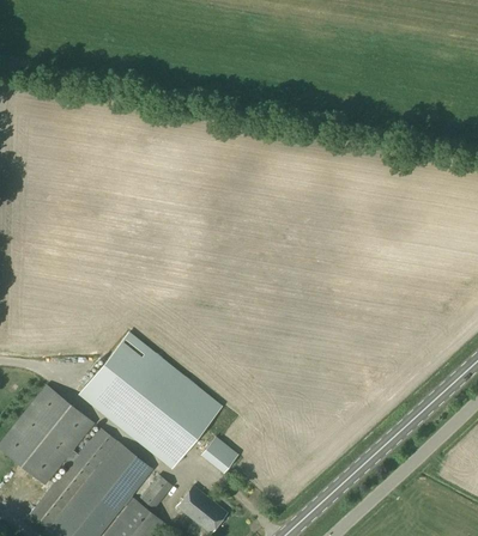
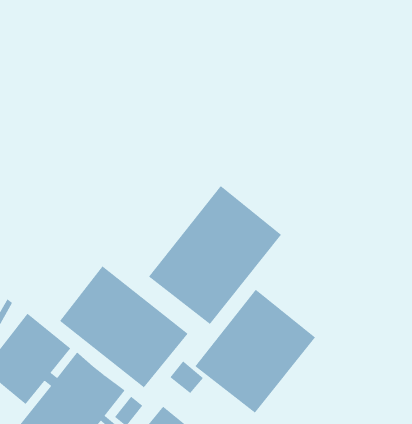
building: none -> [148,185,282,325]
building: none -> [194,289,316,414]

